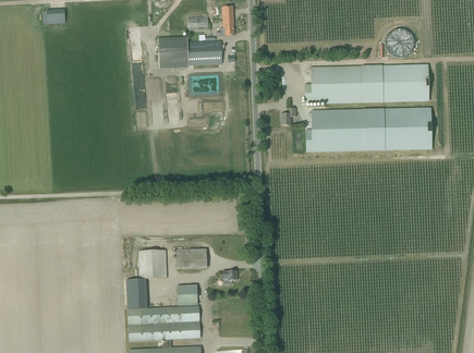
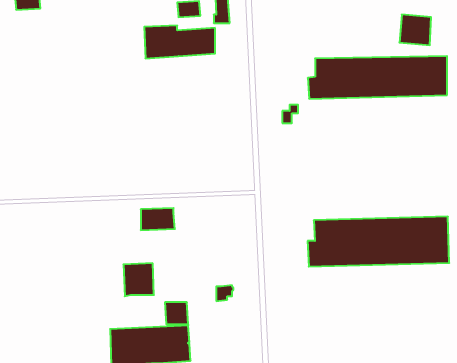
building: [305,107,432,151] -> [308,217,449,267]
building: [177,248,207,268] -> [141,208,175,230]
building: [125,278,147,307] -> none

